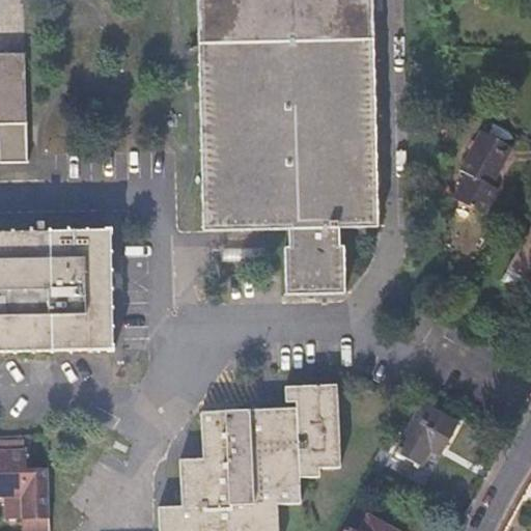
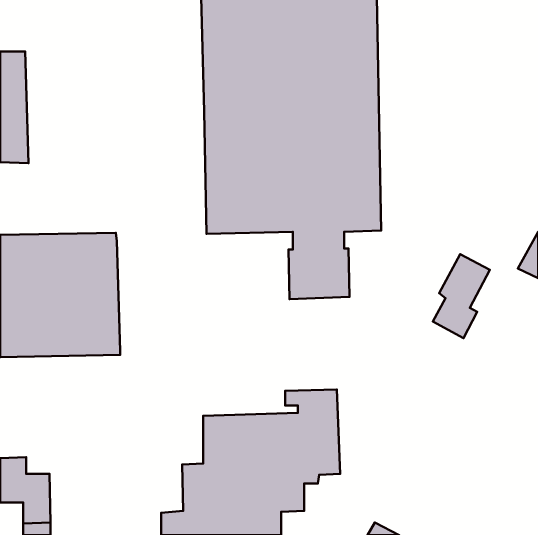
building: [454,130,510,213] -> [433,254,490,338]
building: [399,406,460,472] -> none

